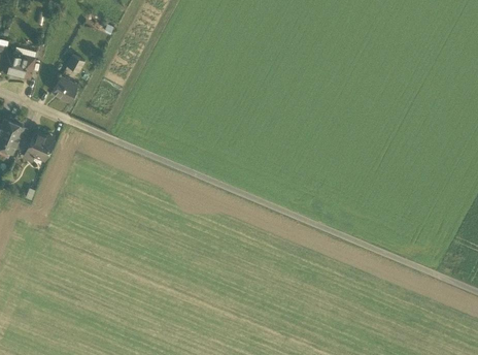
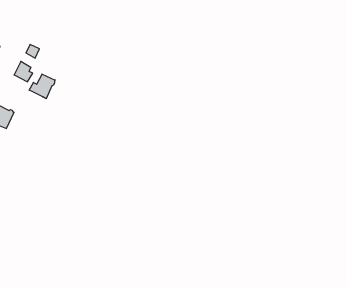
building: none -> [29,74,55,99]

